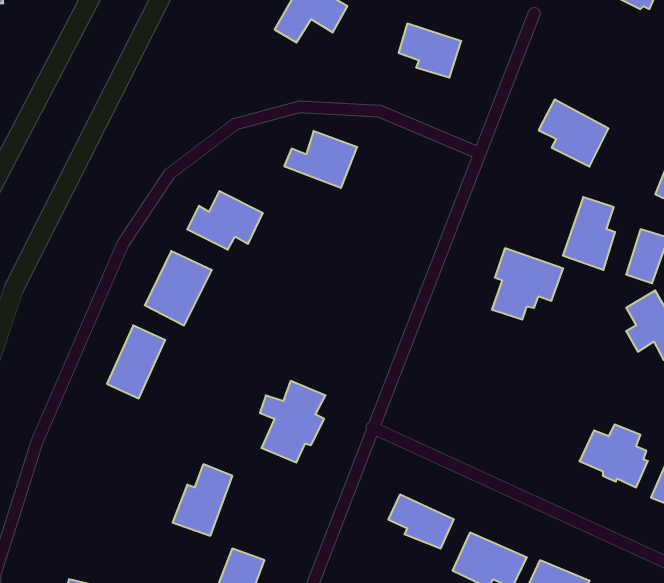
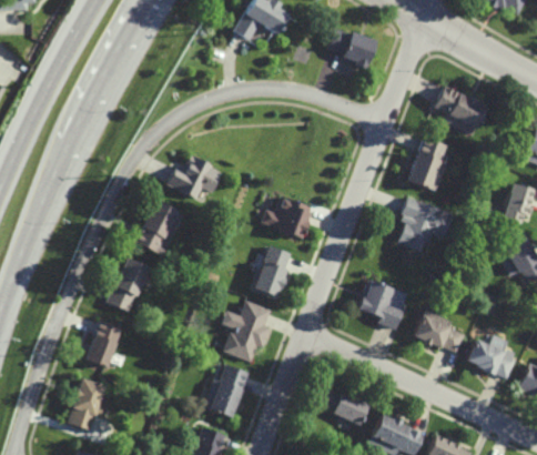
building: [284,131,357,188] -> [259,194,314,237]
building: [563,197,615,270] -> [407,136,447,192]
building: none -> [253,245,292,296]
building: none -> [357,282,407,326]
building: none -> [413,307,468,354]
building: none -> [84,320,121,367]
building: [173,464,232,536] -> [203,363,249,417]
building: none -> [67,378,104,429]

